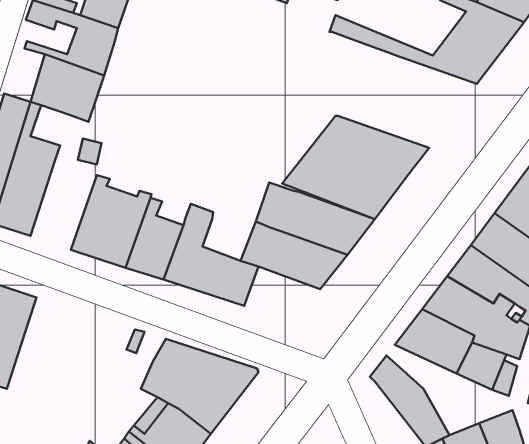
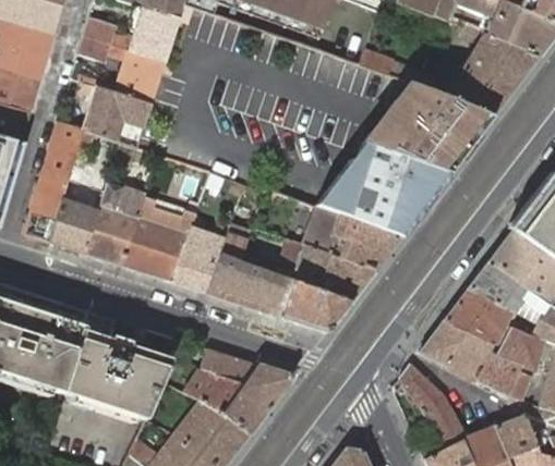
building: none -> [363,84,493,172]
building: none -> [83,182,145,266]
building: none -> [279,281,349,332]
building: none -> [61,330,171,420]

